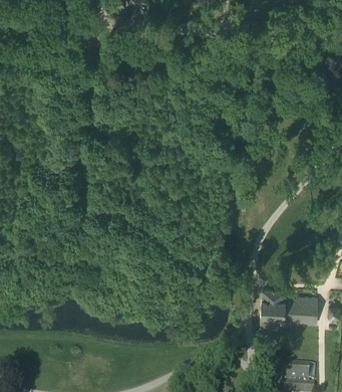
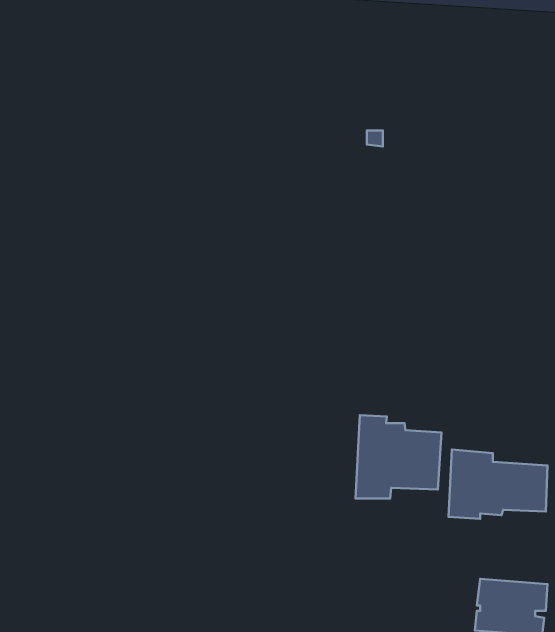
building: none -> [355,415,441,499]

